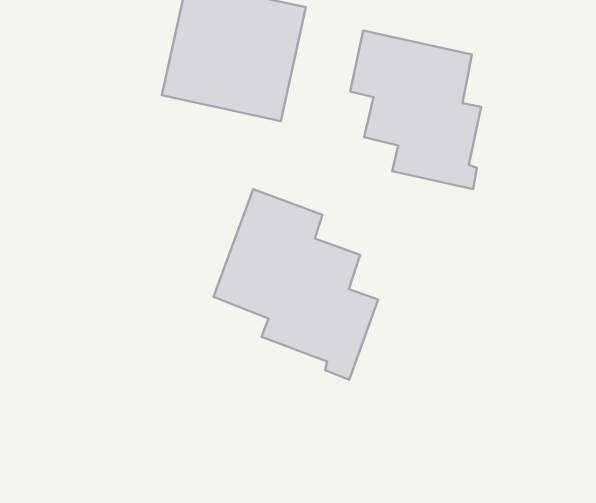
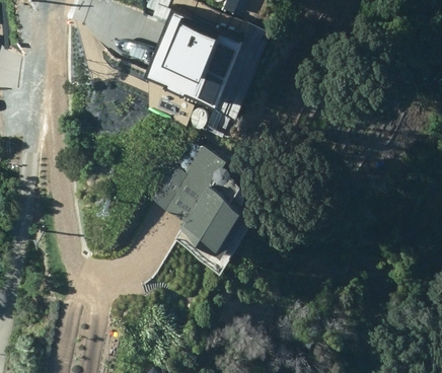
building: [350,31,481,189] -> none

